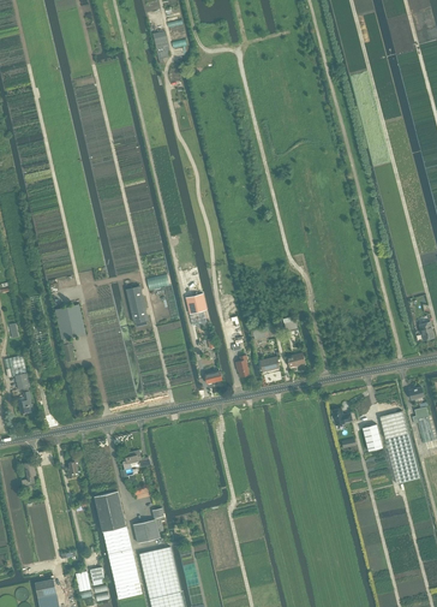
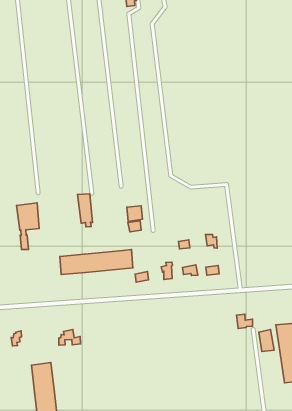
building: none -> [60,250,133,275]
building: [133,508,166,542] -> none

